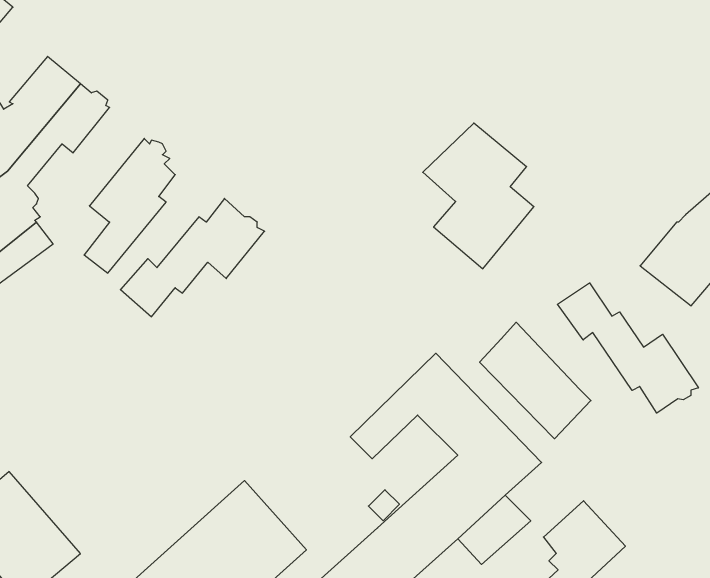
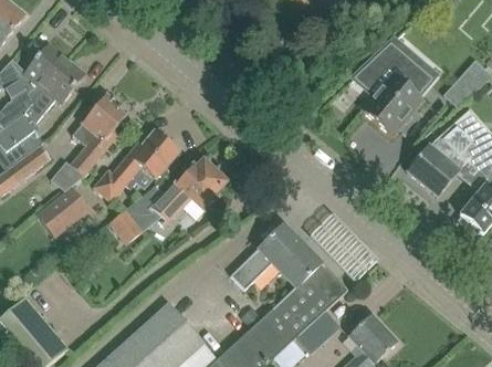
building: [423,123,534,269] -> [355,46,422,135]
building: none -> [109,158,226,243]
building: [557,283,698,413] -> none
building: none -> [36,186,90,237]

